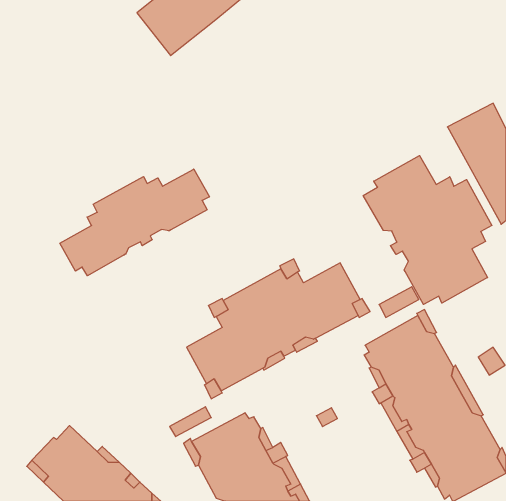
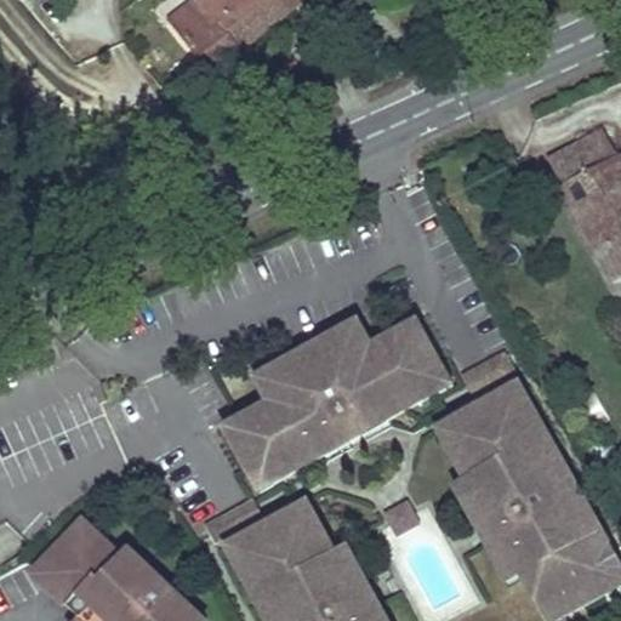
building: [363,156,492,304] -> none
building: [60,169,209,276] -> none

